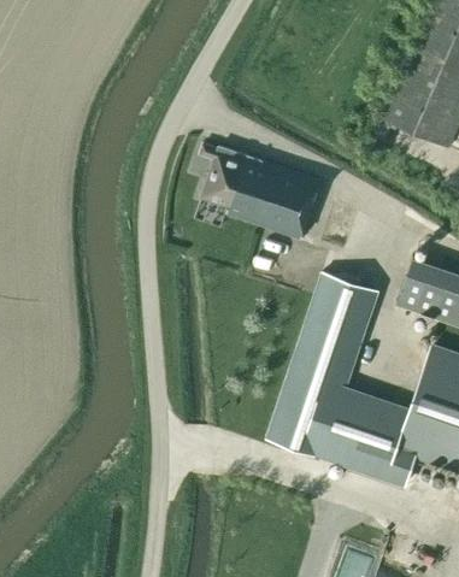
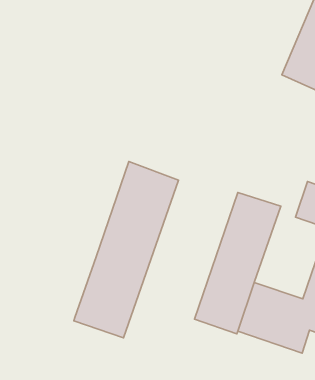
building: [200,145,320,240] -> none
building: none -> [74,162,179,338]

